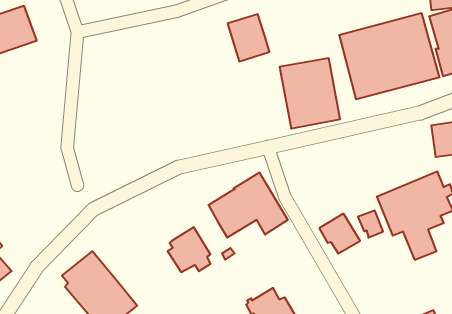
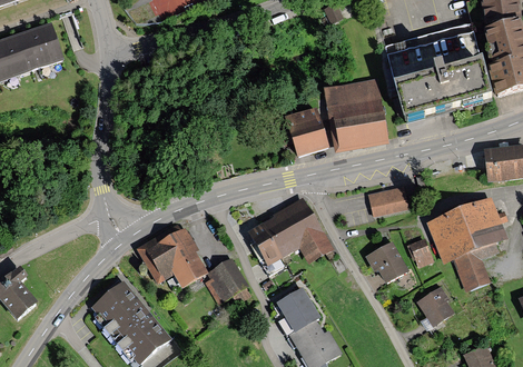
building: [228,14,269,61] -> [284,105,328,155]
building: none -> [367,185,408,216]
building: none -> [136,222,208,287]
building: none -> [273,287,320,335]
building: none -> [416,287,453,326]

